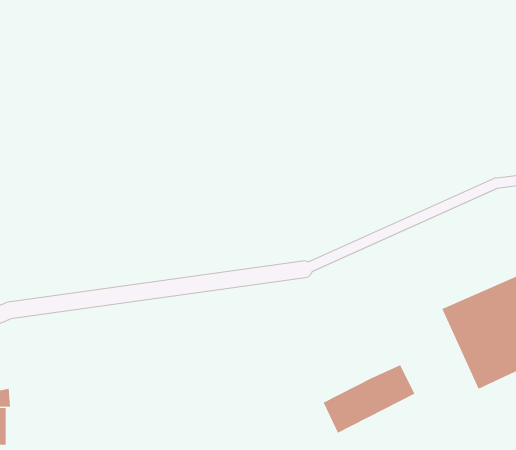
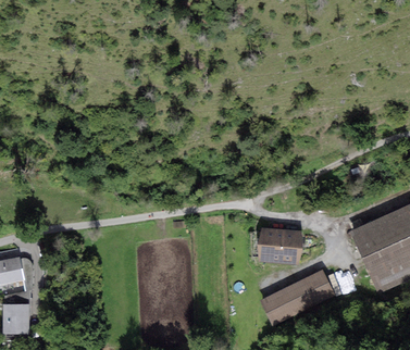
building: none -> [261,229,299,261]

